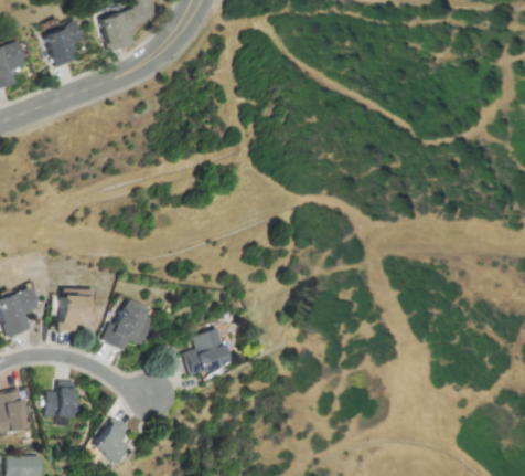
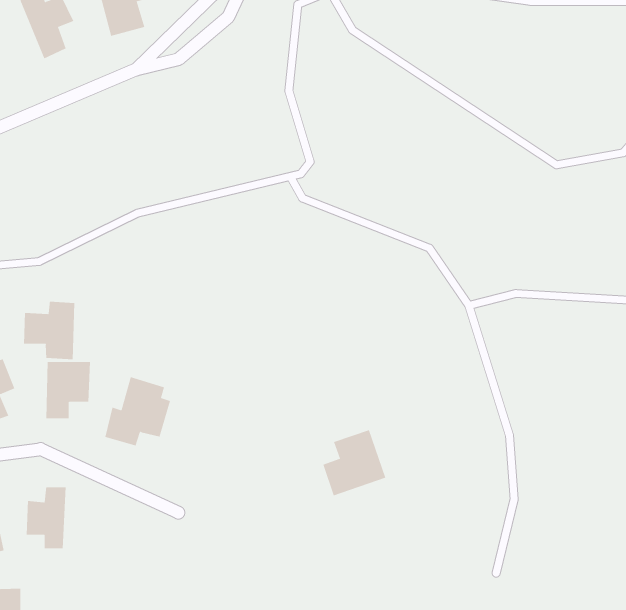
building: none -> [24,301,75,360]
building: [184,328,231,377] -> [323,430,386,496]
building: [95,417,132,464] -> none

